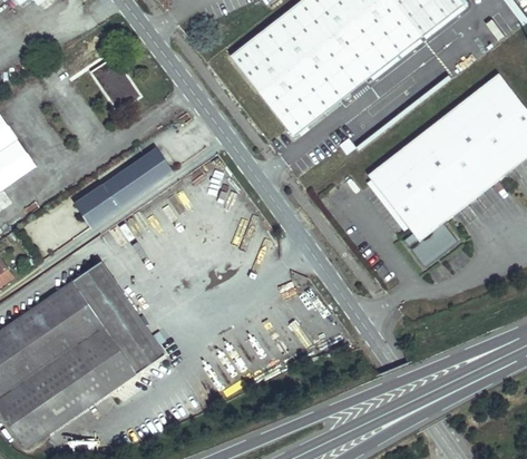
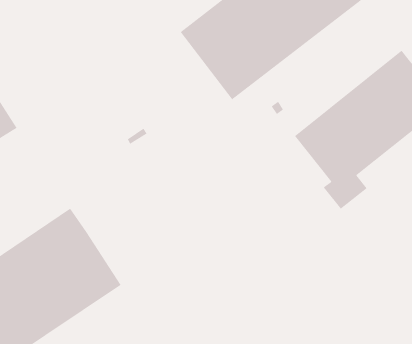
building: [91,59,141,113] -> none
building: [76,147,173,225] -> none

